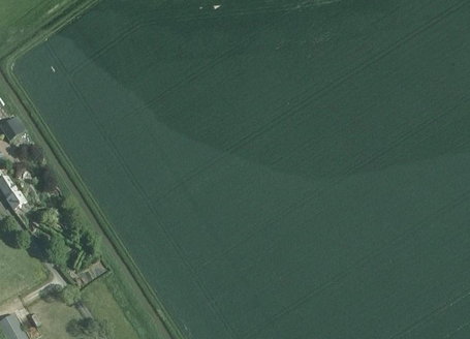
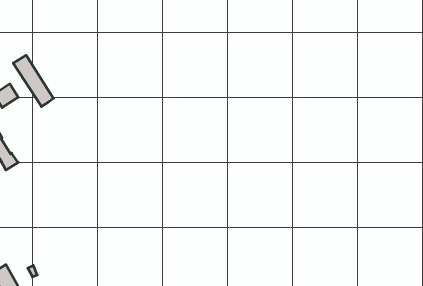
building: none -> [13,55,54,107]

